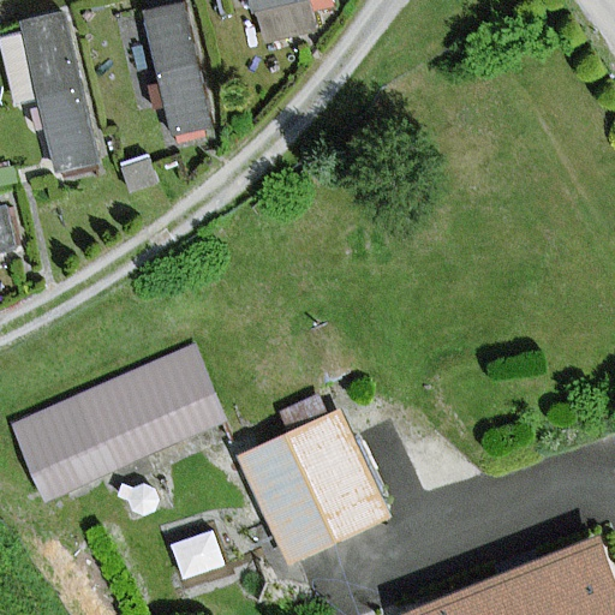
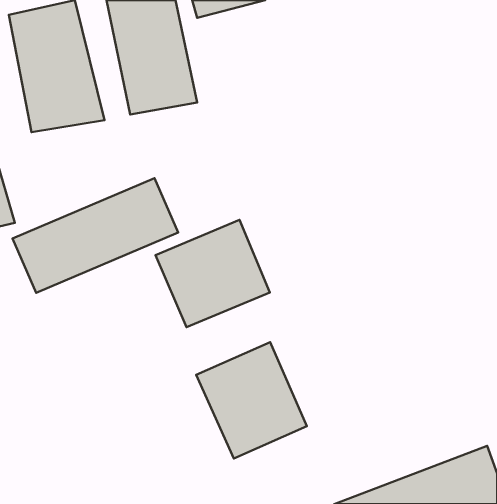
building: none -> [156,220,270,327]
building: [11,352,213,491] -> [13,178,178,293]

